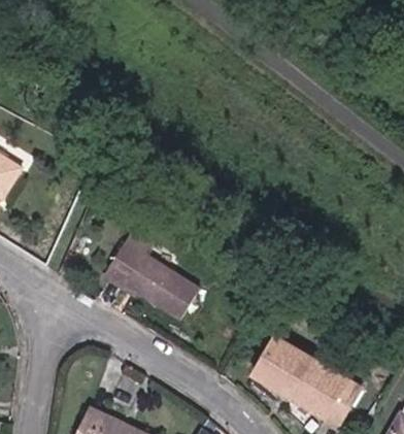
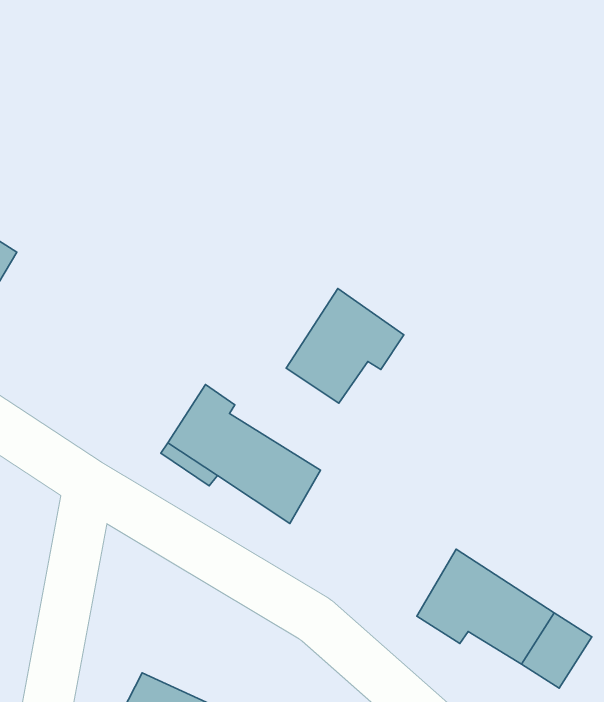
building: none -> [286,289,404,403]

